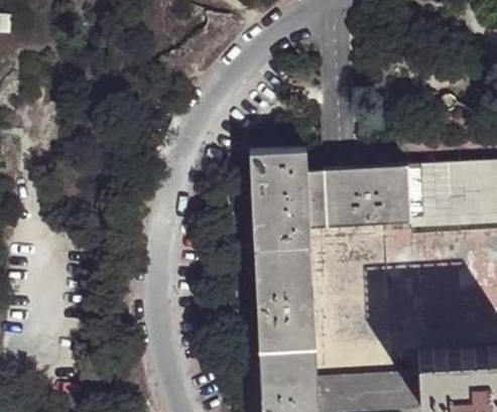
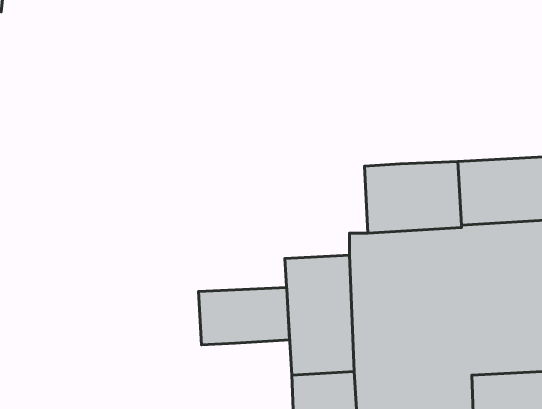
building: [249,149,327,250] -> none
building: none -> [199,287,289,345]

